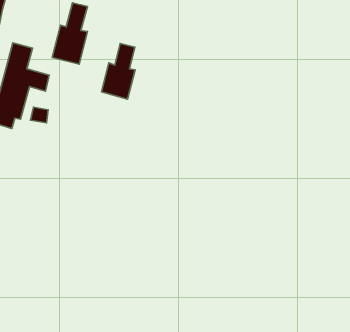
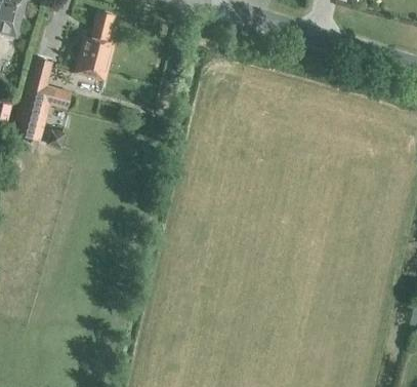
building: [101,43,135,99] -> none

